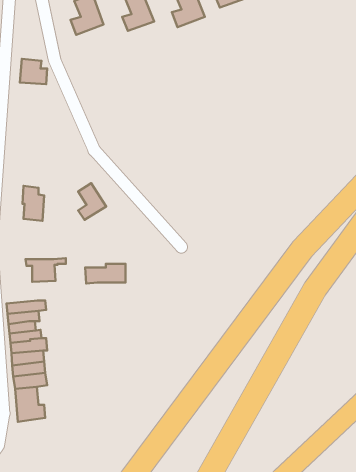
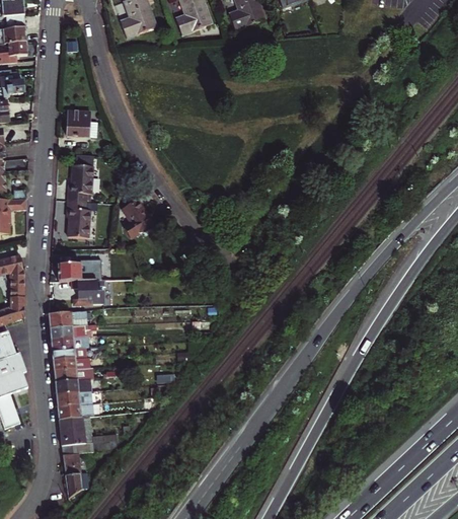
building: [20,59,47,84] -> [67,109,96,137]
building: none -> [69,155,95,203]
building: [85,264,126,283] -> [58,260,101,281]
building: none -> [50,310,88,327]
building: none -> [63,453,87,498]

